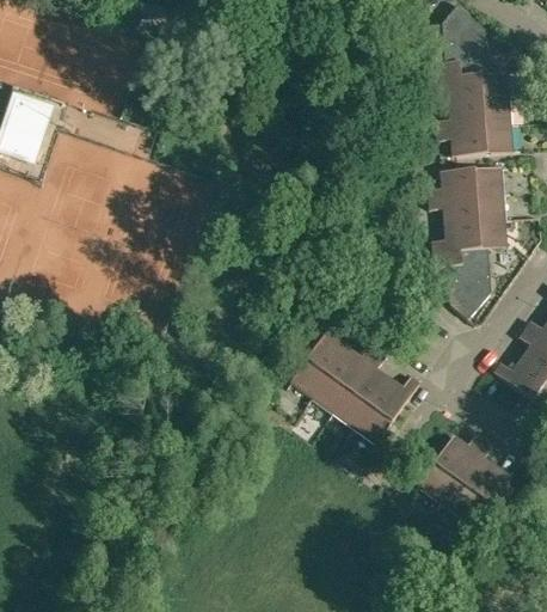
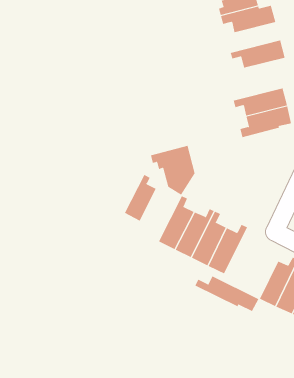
building: [435,98,511,130] -> none
building: [429,166,503,198] -> none
building: [432,249,492,318] -> [150,145,195,195]
building: none -> [124,174,156,221]
building: none -> [195,276,259,312]

